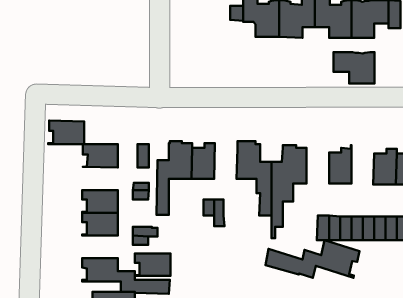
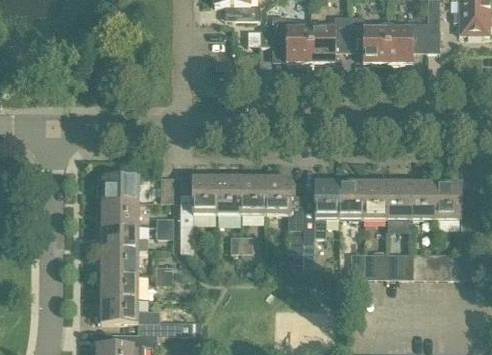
building: [333,52,374,84] -> none
building: [48,121,84,144] -> [100,200,138,225]
building: none -> [240,173,266,213]
building: none -> [386,177,412,230]
building: none -> [339,180,363,218]
building: [266,240,360,278] -> none
building: [135,253,171,276] -> [100,274,138,298]

